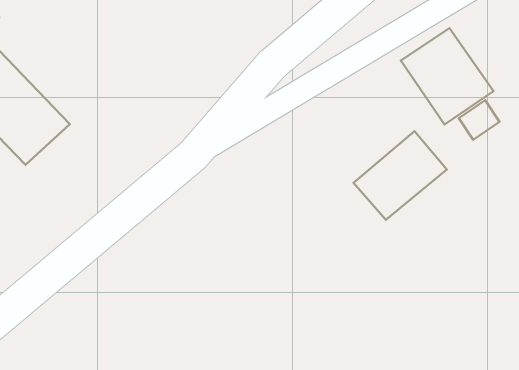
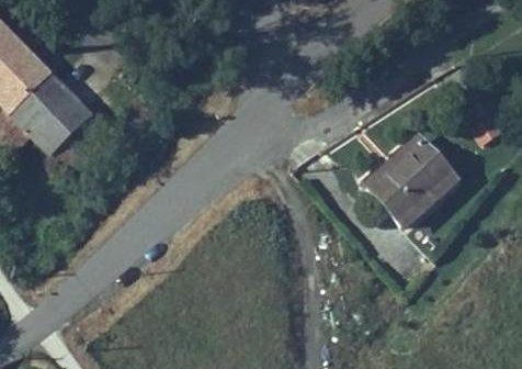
building: [401,28,494,125] -> none

